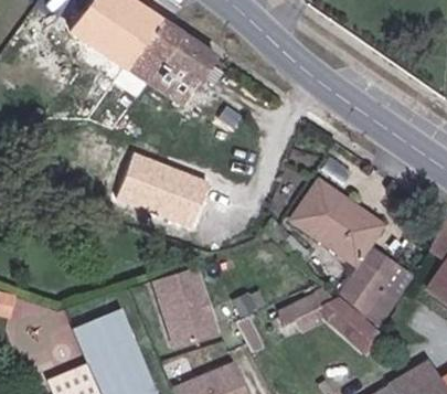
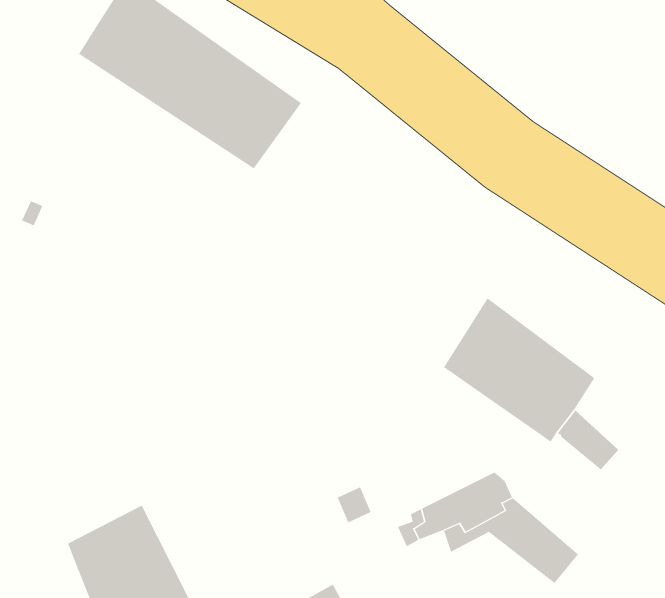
building: [117,158,210,233] -> none
building: [340,263,392,316] -> none
building: [145,267,213,345] -> none

